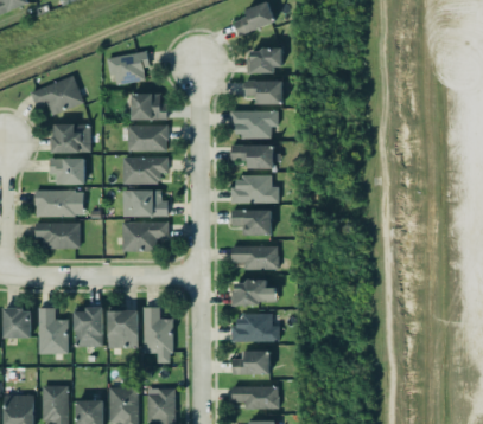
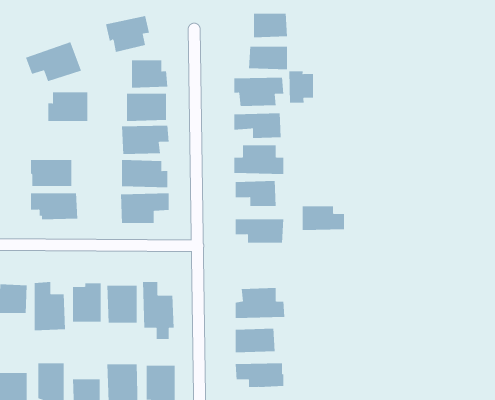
building: none -> [289,71,313,104]
building: [49,158,84,185] -> none
building: [235,281,277,304] -> [302,206,345,231]

